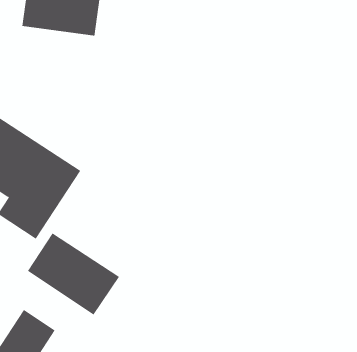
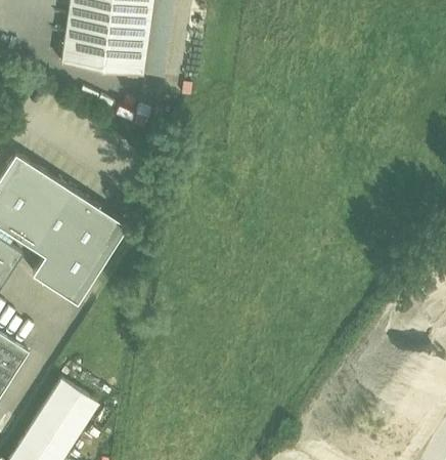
building: [27,233,120,316] -> none

